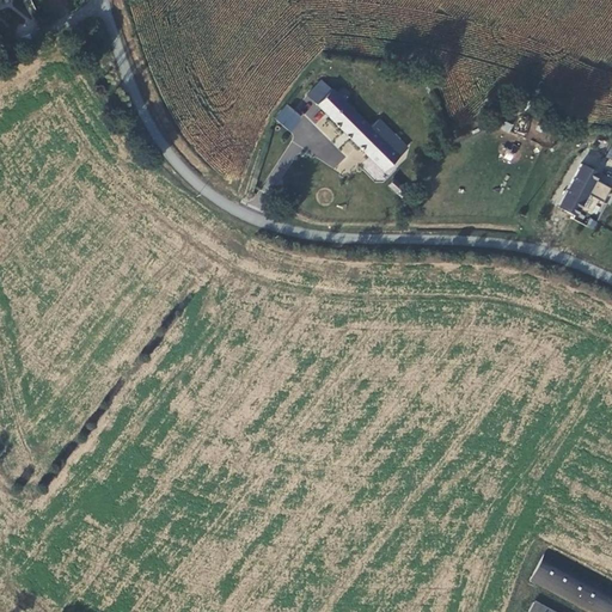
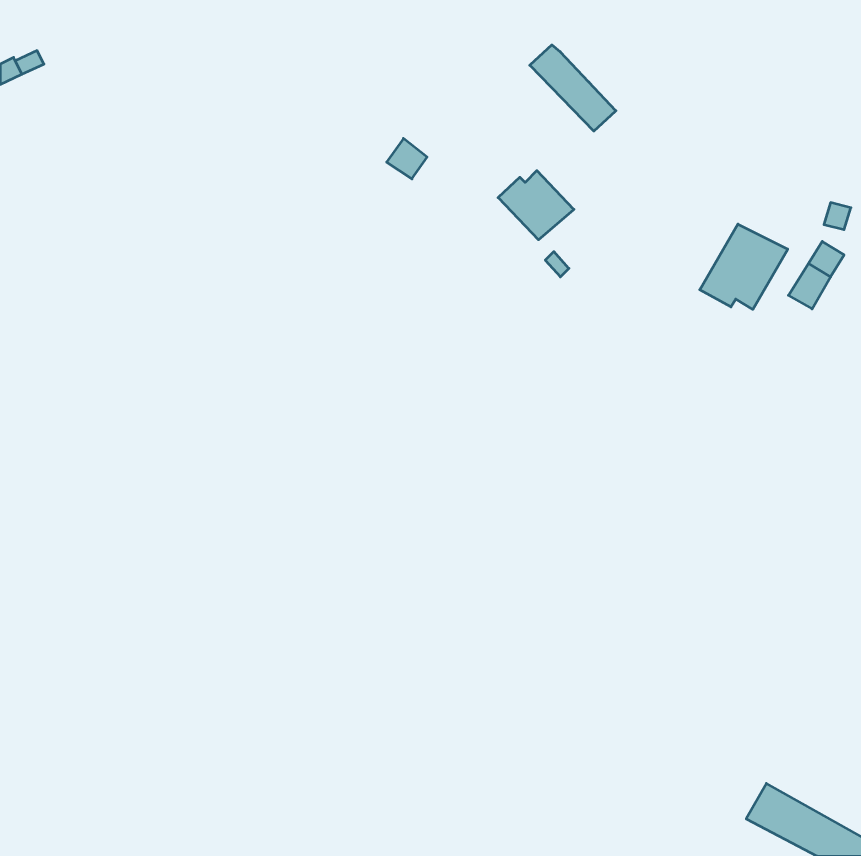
building: [308,79,369,140] -> [530,45,616,131]
building: none -> [700,224,788,309]

